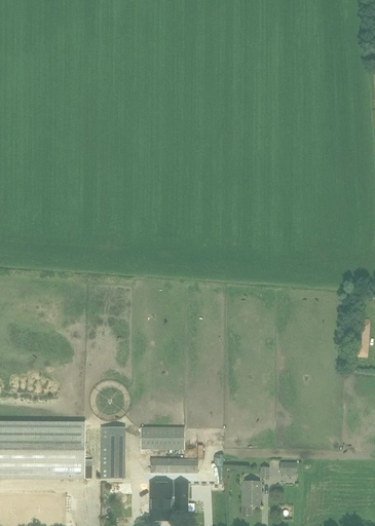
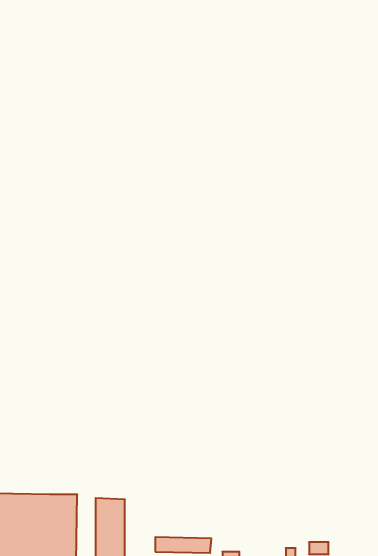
building: [139,425,184,448] -> none

